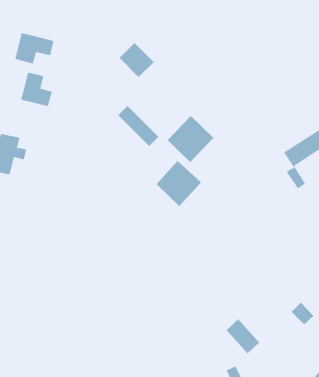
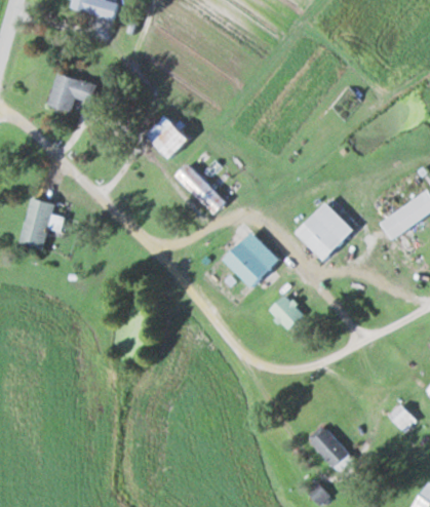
building: [119,42,154,78] -> [144,115,188,159]
building: [21,72,53,107] -> none
building: [167,115,214,163] -> [295,201,353,260]
building: none -> [269,294,305,329]

